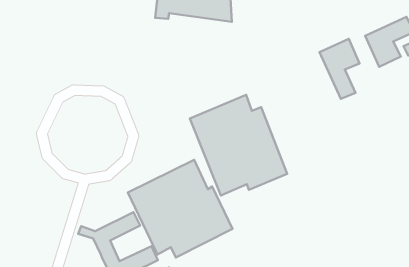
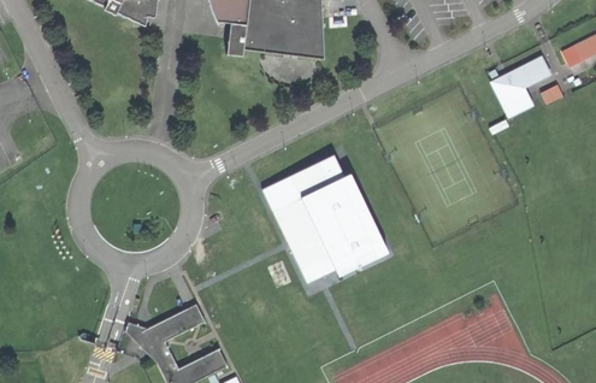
building: [320,39,360,99] -> none
building: [128,160,233,257] -> none

